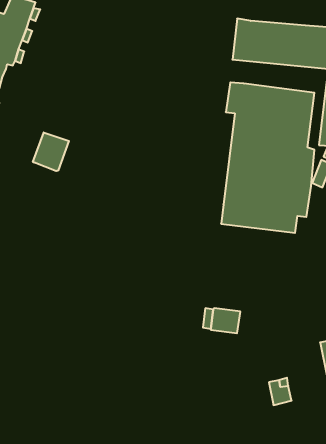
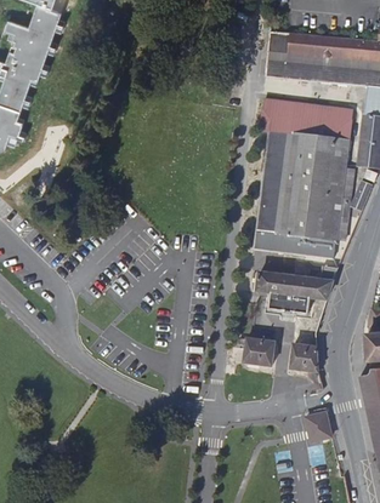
building: [33,132,69,171] -> none
building: none -> [259,267,340,315]
building: none -> [293,345,322,381]

